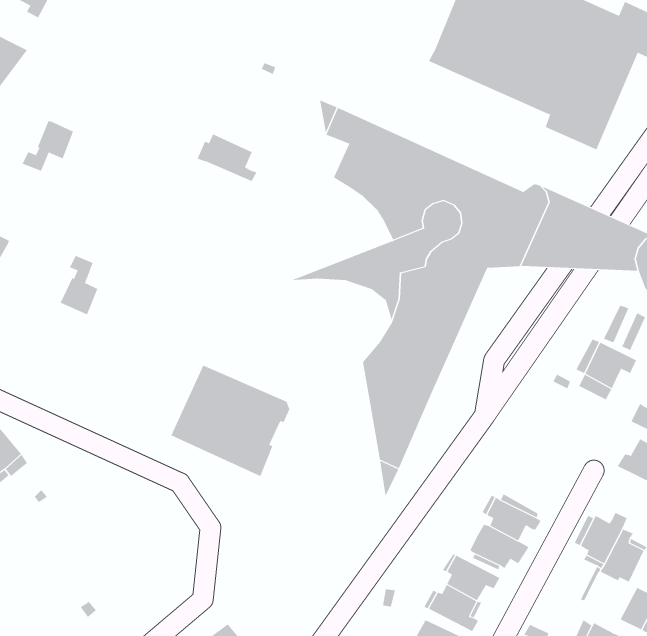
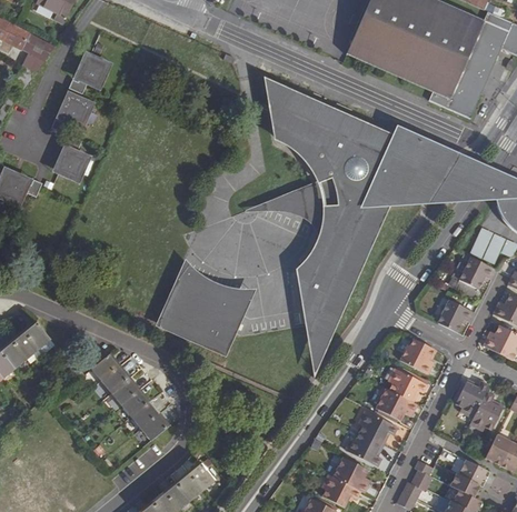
building: none -> [68,56,106,93]
building: [197,134,257,182] -> none
building: [60,255,98,315] -> [57,133,84,177]
building: none -> [181,262,251,304]
building: none -> [437,299,475,331]
building: none -> [399,337,434,373]
building: none -> [92,353,167,438]

